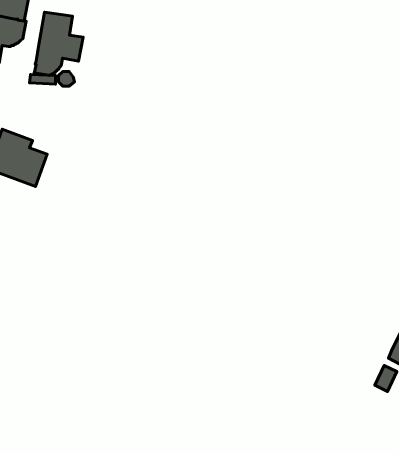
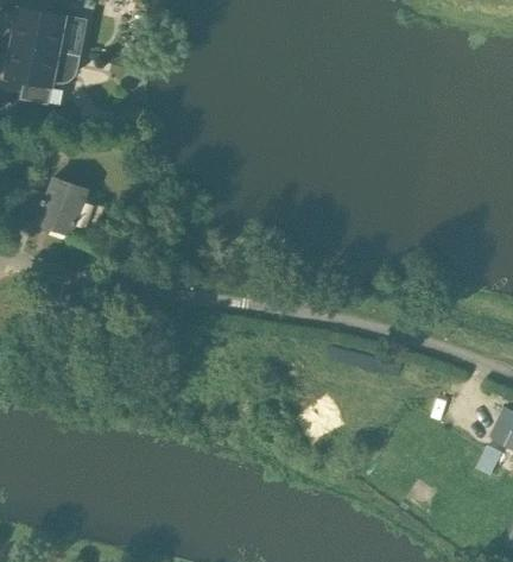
building: [34,12,83,75] -> none

